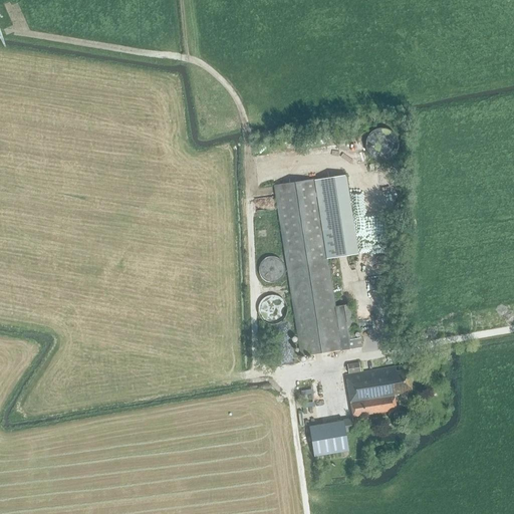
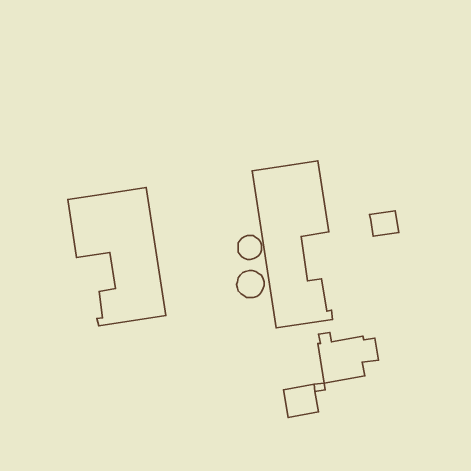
building: none -> [68,188,166,326]
building: none -> [370,211,399,236]

